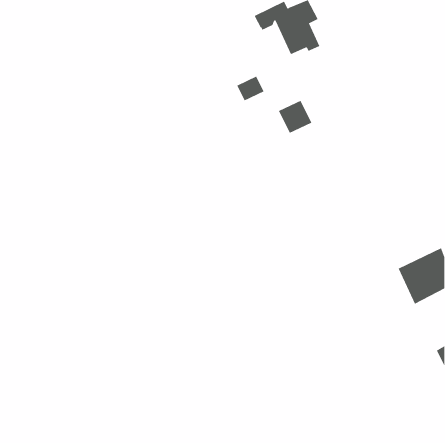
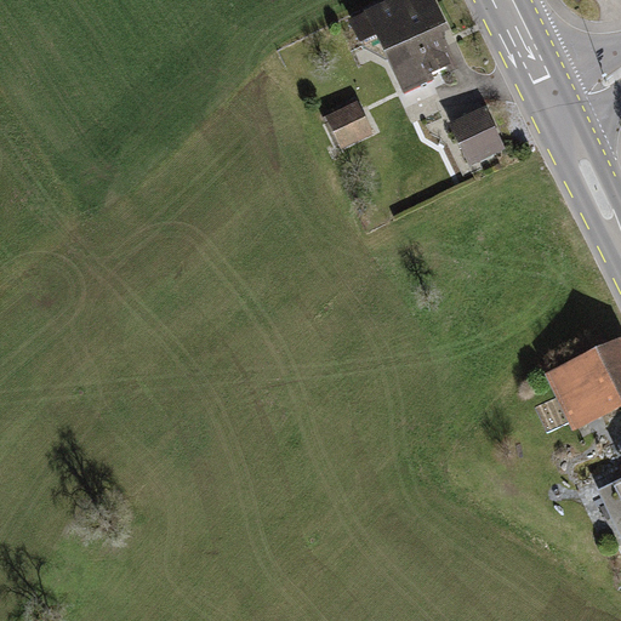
building: [278,100,312,133] -> [452,112,500,158]

